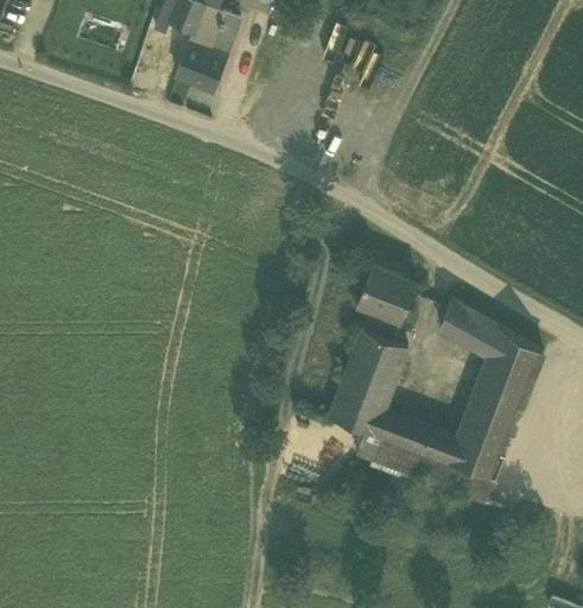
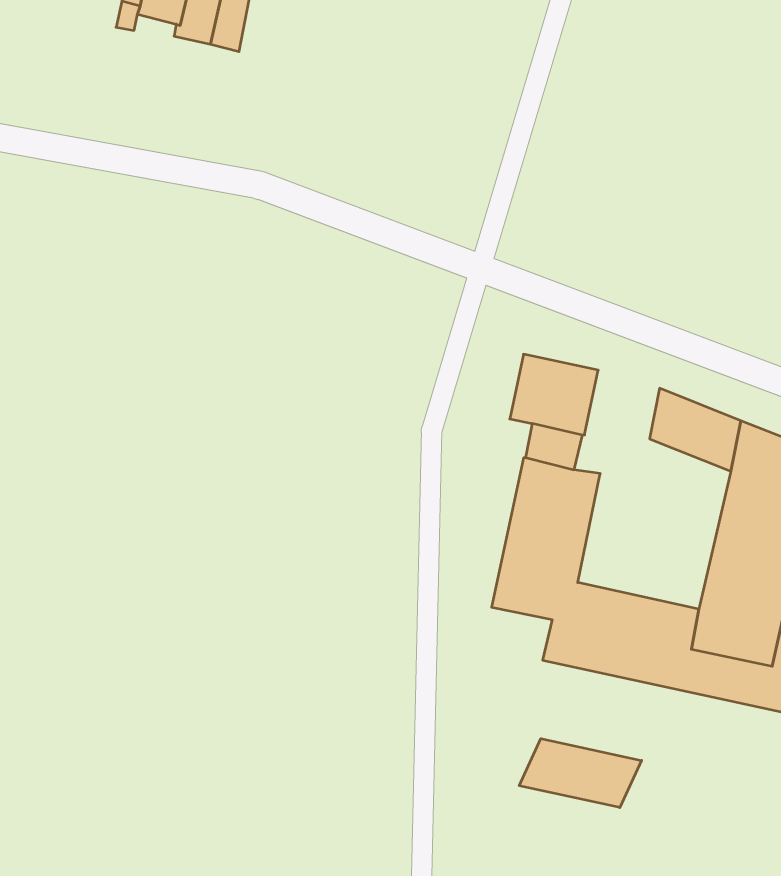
building: [173,40,226,91] -> none
building: none -> [519,739,642,808]

